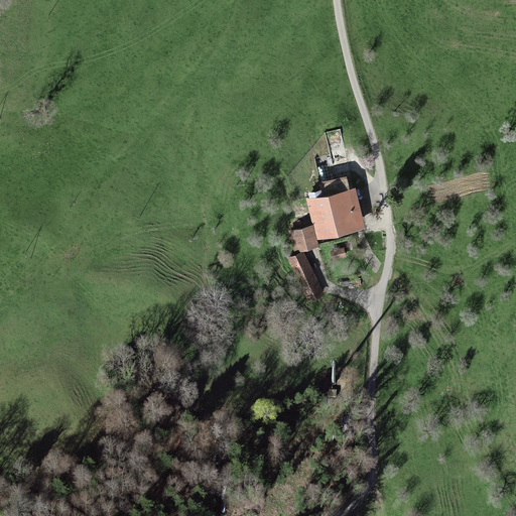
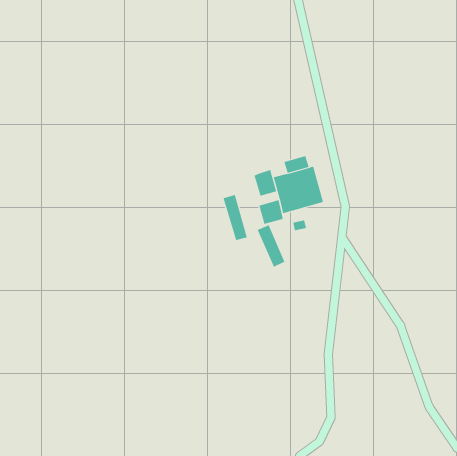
building: none -> [254,169,277,196]
building: none -> [223,194,248,241]

